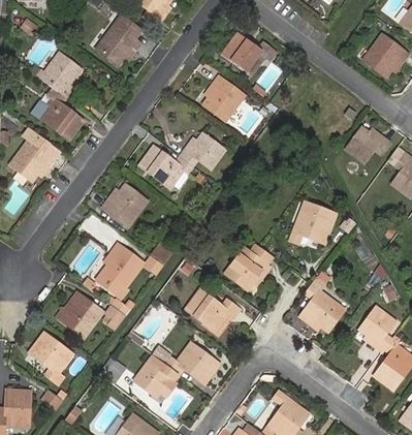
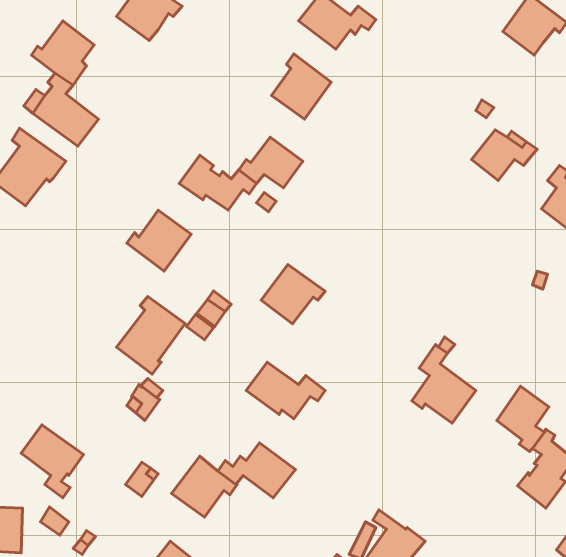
building: [290,201,337,245] -> none
building: [226,248,271,289] -> [261,264,325,324]
building: [62,292,103,337] -> none

